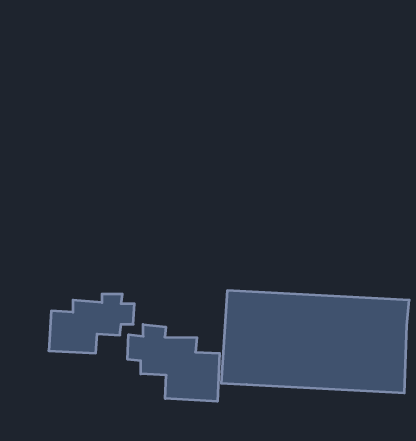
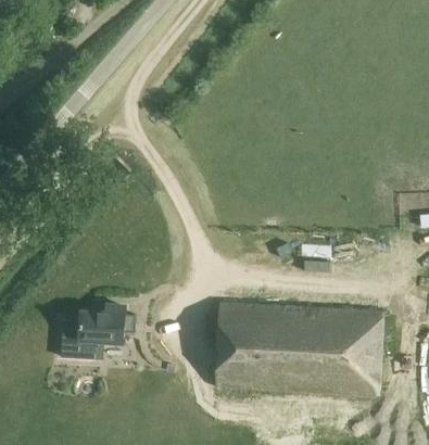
building: [128,324,220,401] -> none

